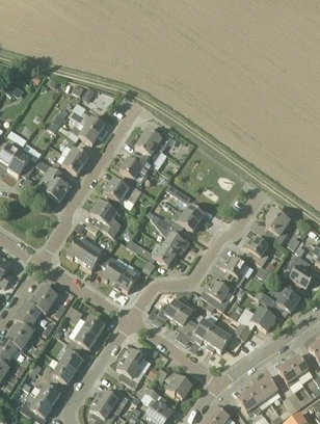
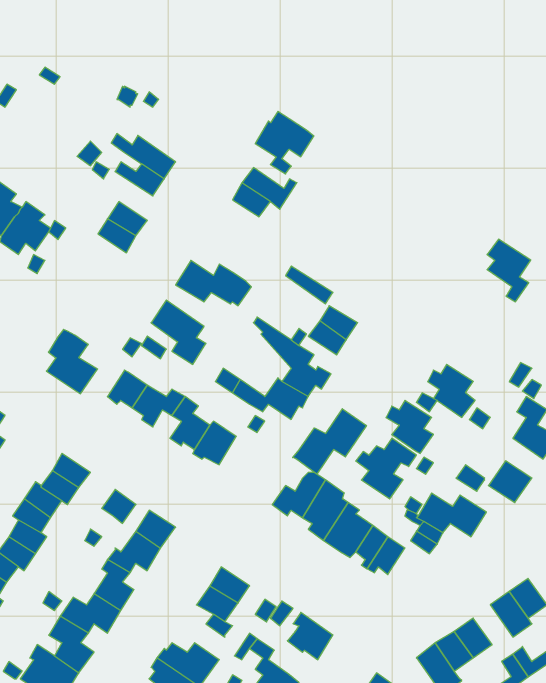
building: [121,152,153,186] -> [255,111,314,174]
building: [42,165,70,201] -> [46,329,98,394]
building: [266,209,290,243] -> [487,239,531,302]
building: none -> [293,409,366,474]

